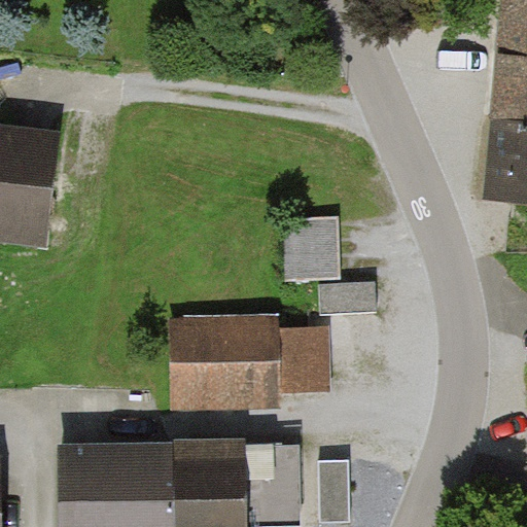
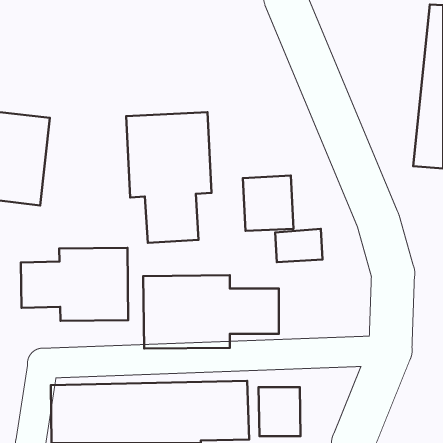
building: none -> [126,112,212,243]
building: none -> [21,248,128,321]

